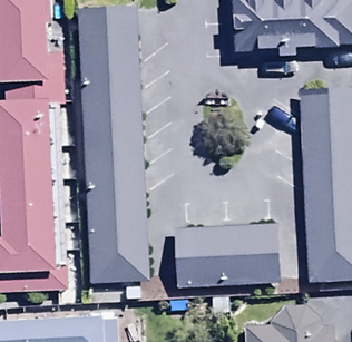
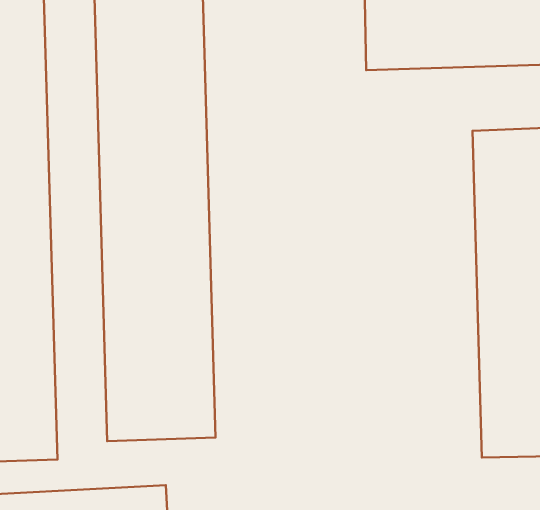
building: [176,232,274,286] -> none

